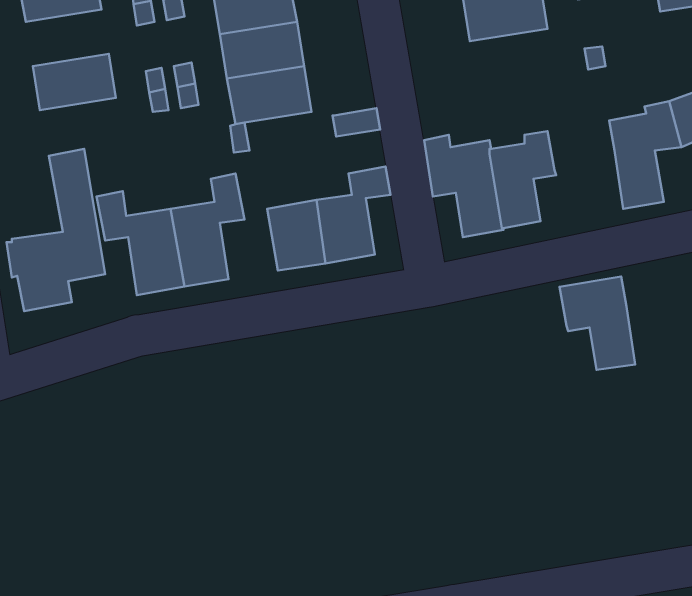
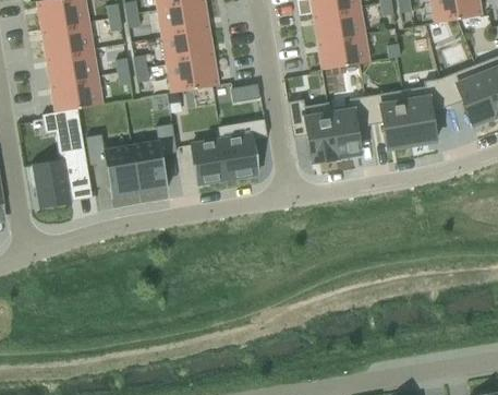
building: none -> [42,22,94,57]
building: none -> [317,34,369,70]
building: none -> [51,76,104,112]
building: [559,276,635,370] -> [365,91,412,148]

